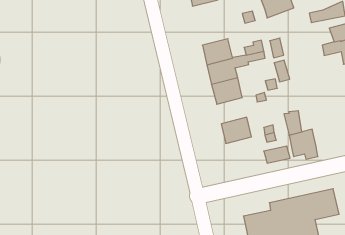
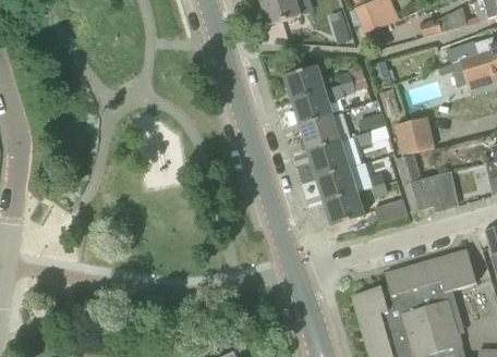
building: none -> [396,118,437,155]
building: none -> [308,140,349,176]
building: none -> [324,190,364,226]

